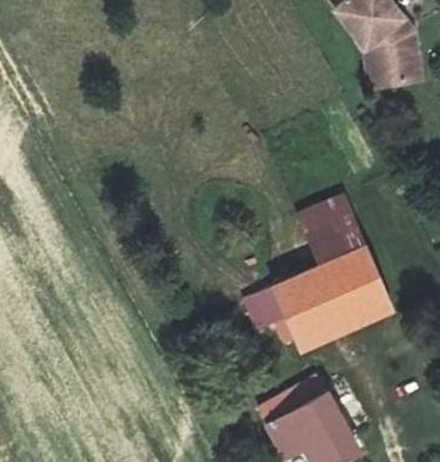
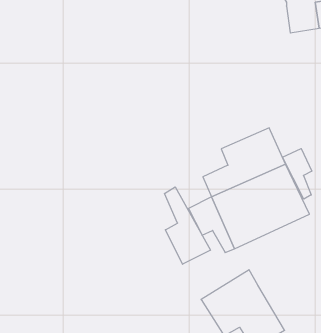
building: none -> [282,149,312,199]
building: none -> [165,187,210,264]

